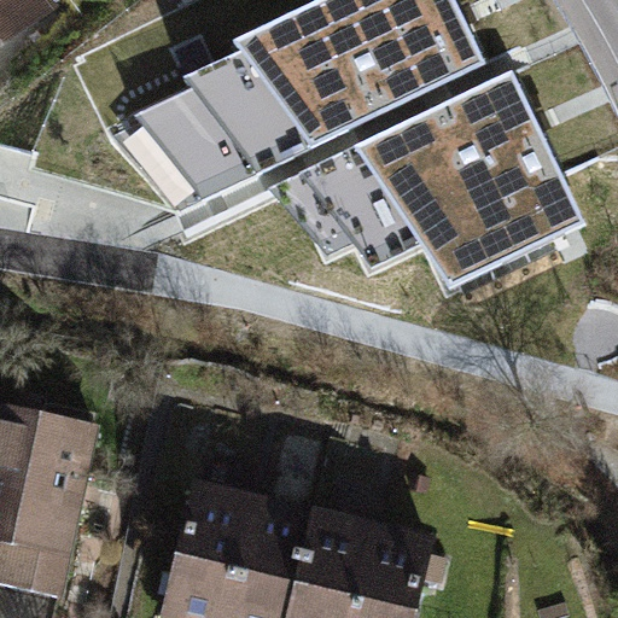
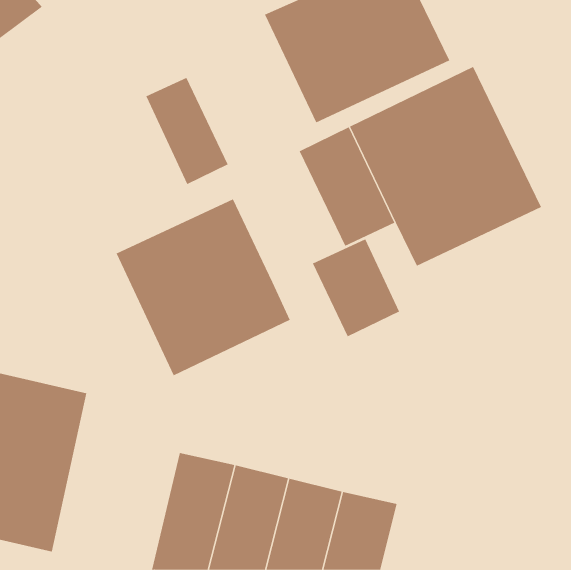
building: [202,16,340,177] -> none
building: none -> [116,199,291,376]
building: none -> [312,238,400,337]

